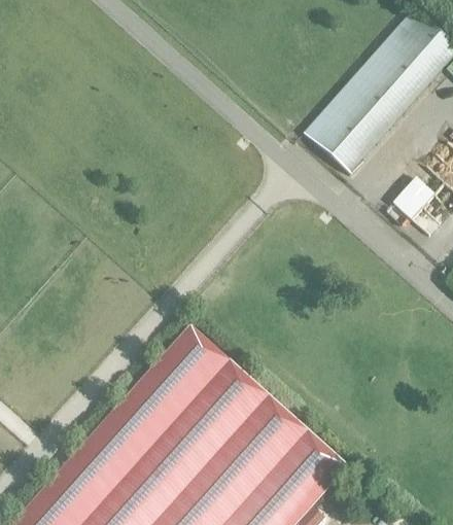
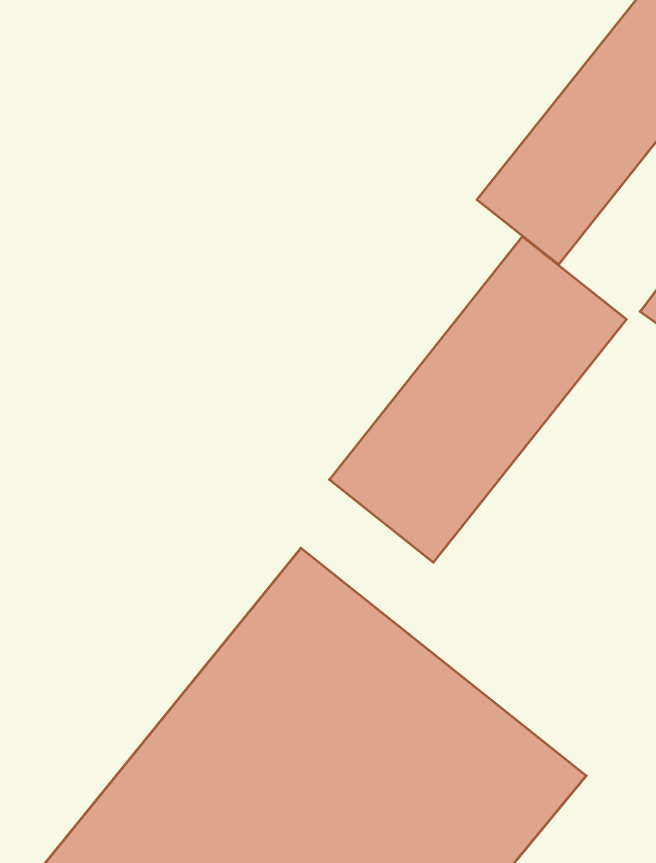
building: none -> [329,237,626,562]

